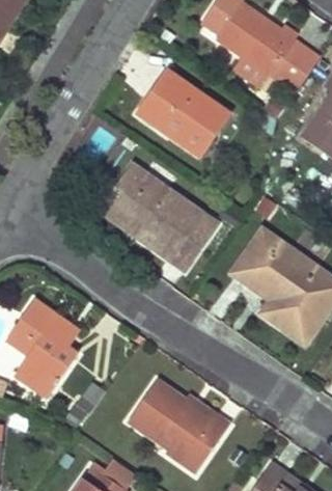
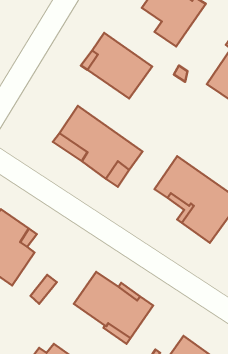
building: [270,39,320,91] -> none

